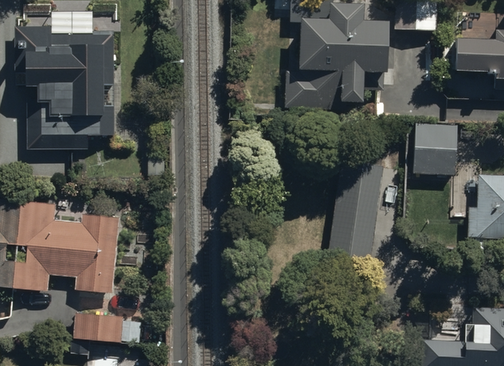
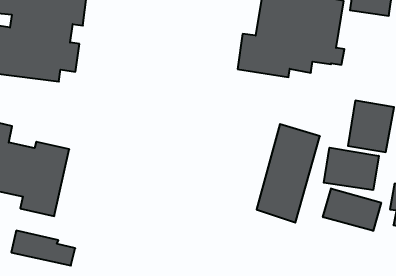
building: none -> [324,148,379,190]
building: none -> [323,188,381,231]

